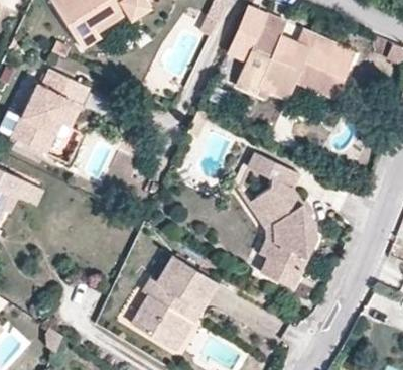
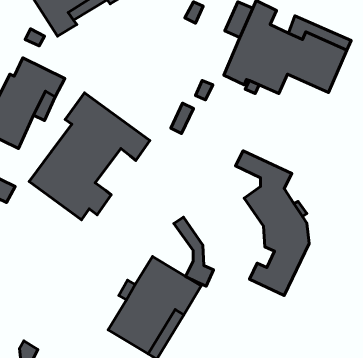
building: none -> [29,93,150,220]
building: [247,199,284,263] -> [174,217,214,286]

